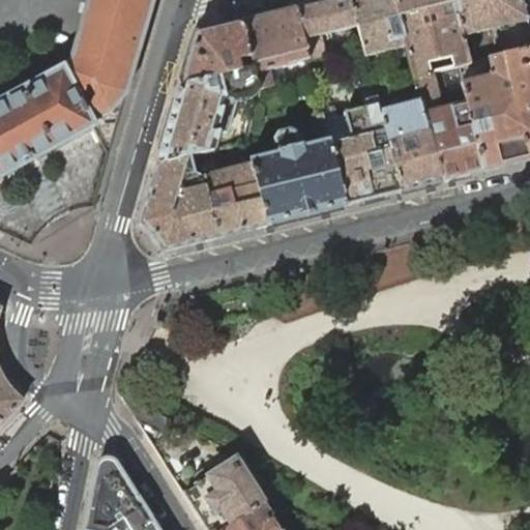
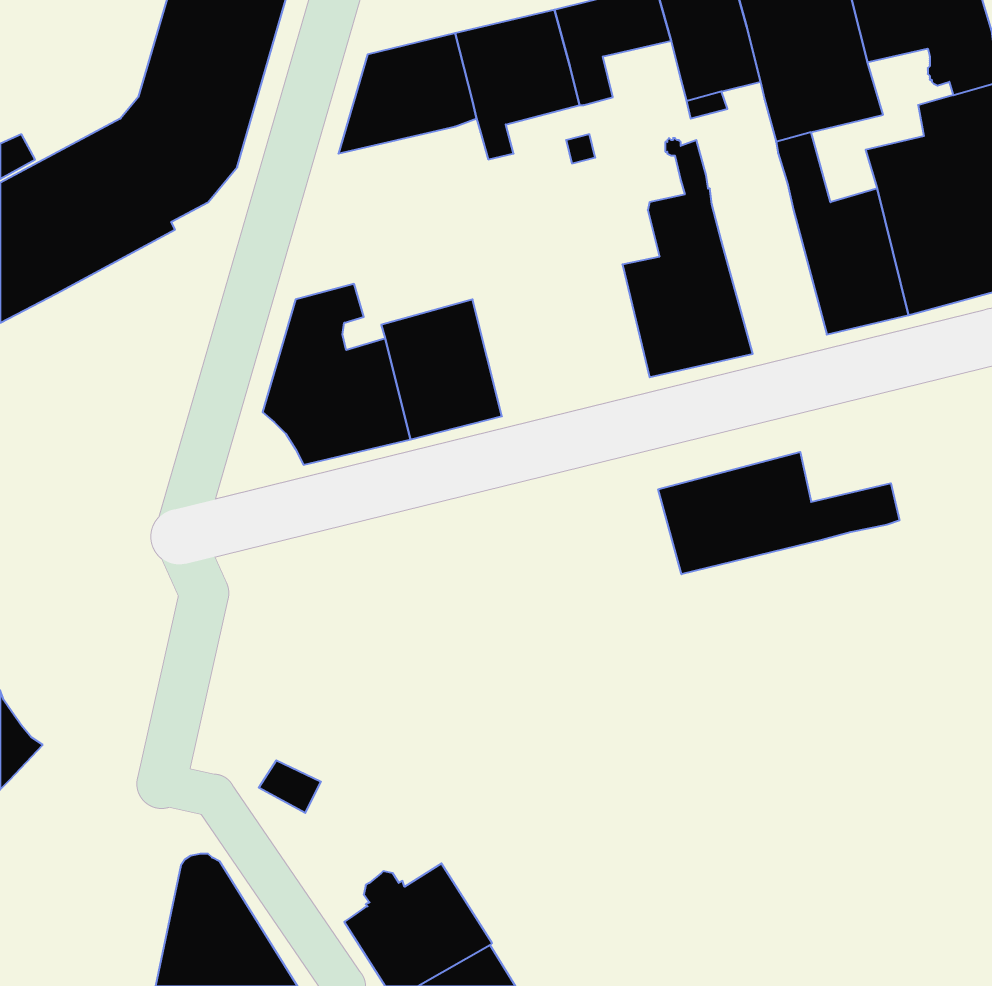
building: [158,63,261,159] -> none
building: [380,98,441,188] -> none
building: [252,111,347,222] -> none
building: none -> [658,452,899,574]

